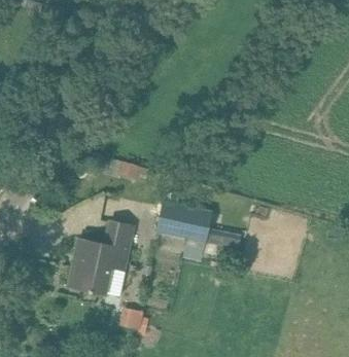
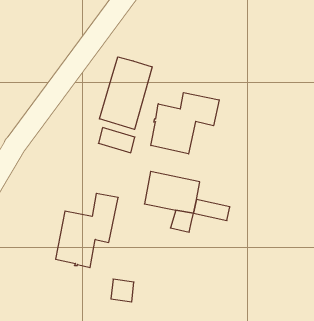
building: none -> [99,57,152,129]
building: none -> [151,93,219,154]

